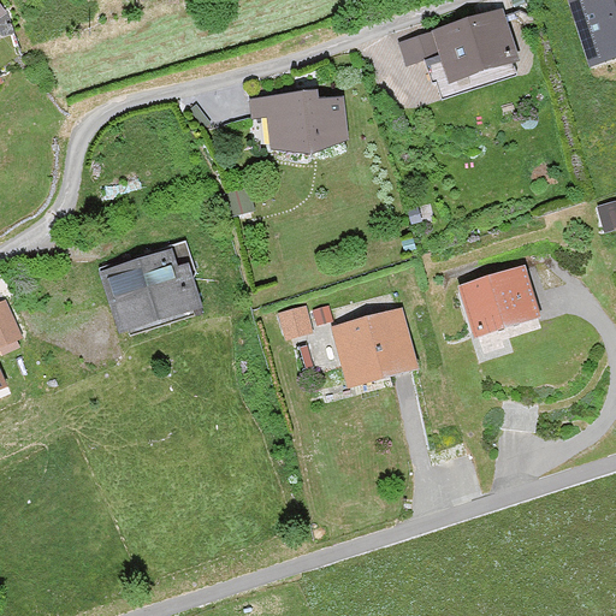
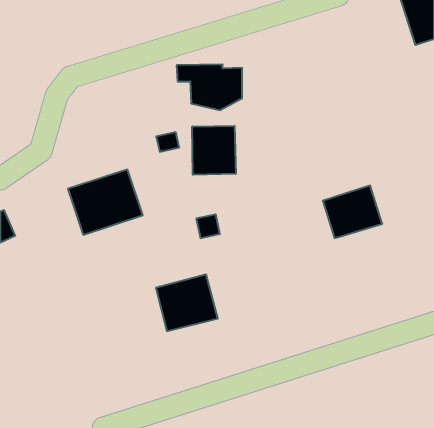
building: [411,11,516,81] -> none
building: none -> [192,126,236,175]
building: [330,307,417,387] -> [156,274,218,331]

